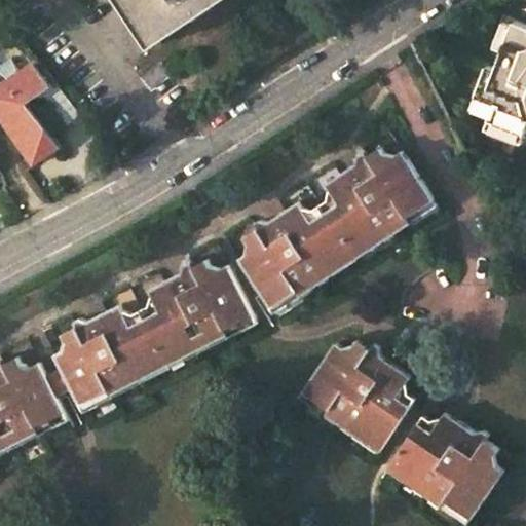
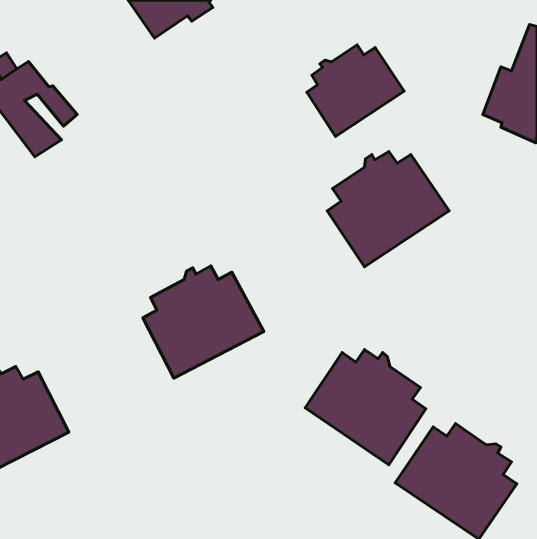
building: none -> [307,45,404,137]
building: [235,202,353,314] -> none
building: [51,305,168,414] -> none

